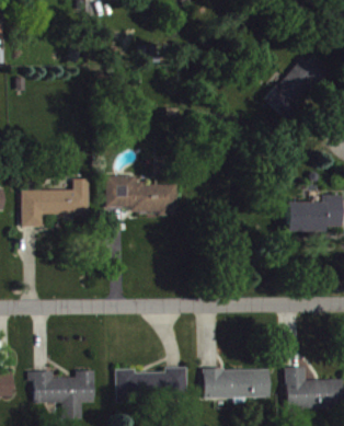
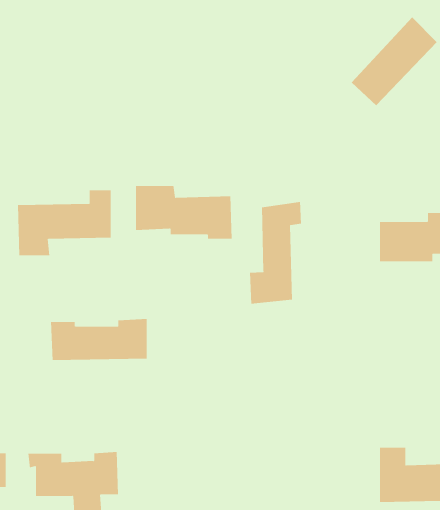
building: none -> [250,201,301,304]
building: [116,367,187,398] -> [50,319,147,360]
building: [204,368,270,398] -> none

